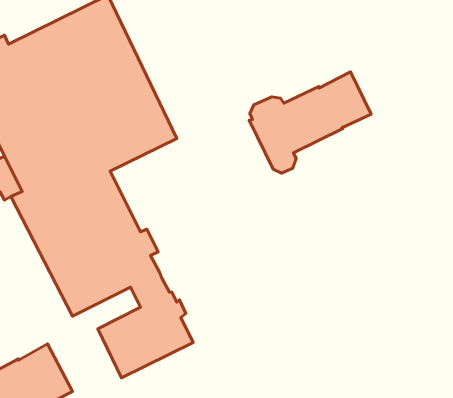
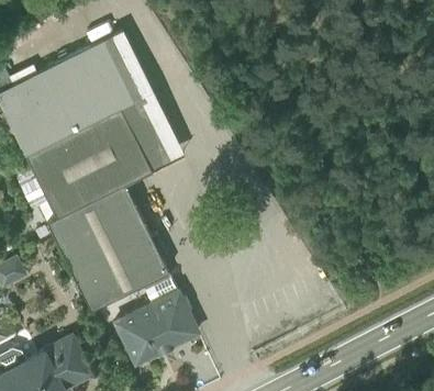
building: [249,72,371,173] -> none

